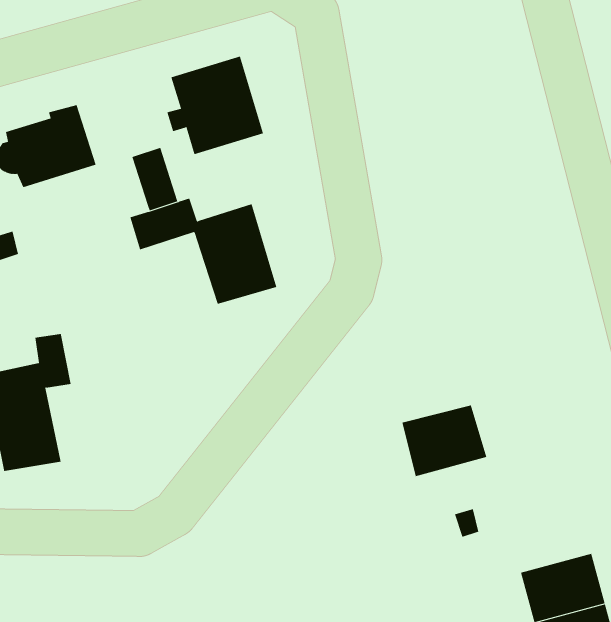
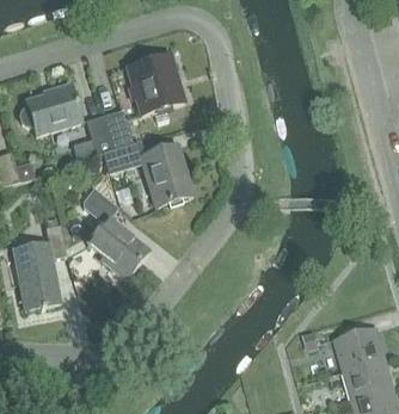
building: none -> [73,115,113,159]
building: none -> [80,187,148,279]
building: [402,405,487,477] -> [333,326,386,370]

